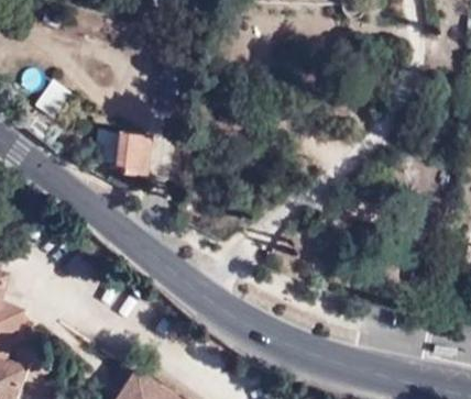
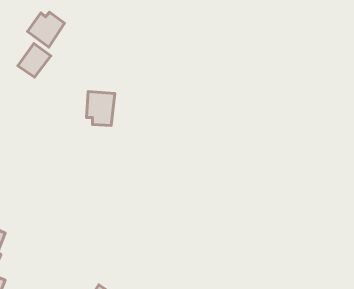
building: none -> [27,12,65,47]

